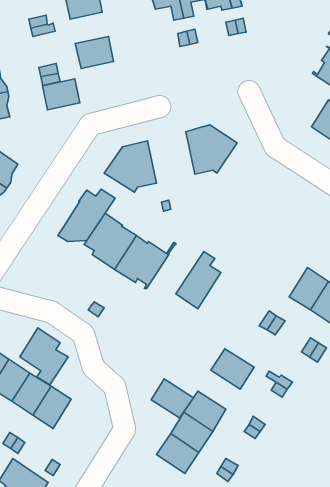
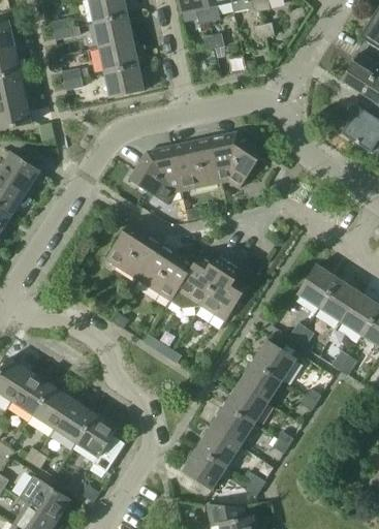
building: none -> [93,15,132,48]
building: [43,79,80,110] -> [104,66,143,98]
building: none -> [172,138,221,191]
building: [58,189,115,241] -> [171,252,230,306]
building: none -> [296,264,337,308]
building: [20,328,68,385] -> [75,413,125,472]
building: none -> [252,340,295,380]
building: [151,379,193,418] -> [224,383,267,424]

